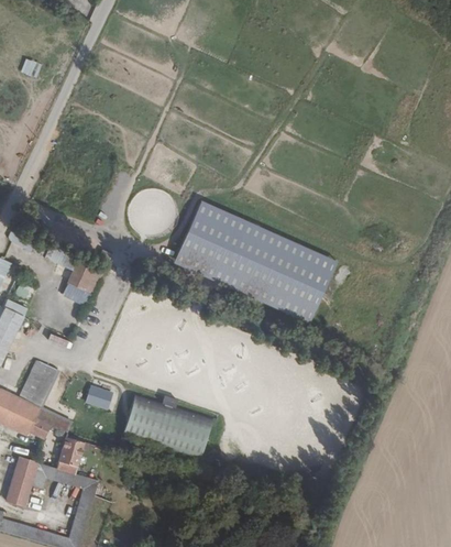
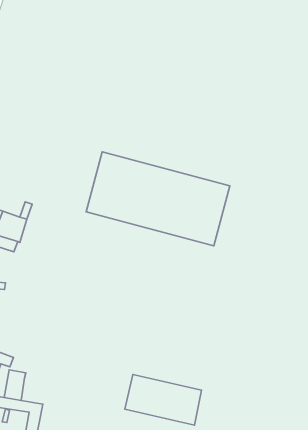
building: [85,383,113,409] -> none
building: [121,394,210,459] -> [125,374,201,425]

